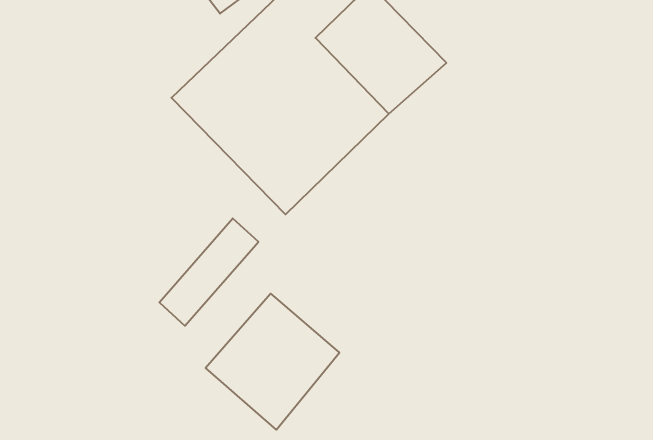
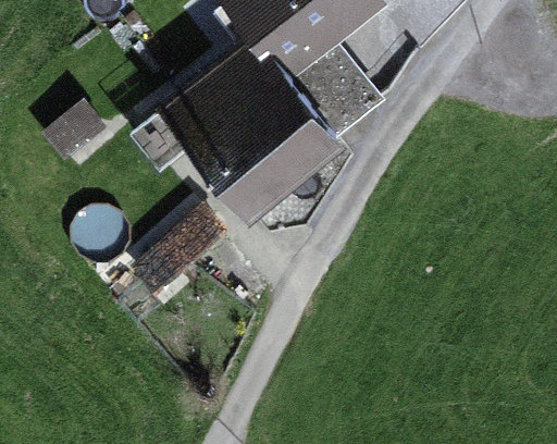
building: [206,294,339,430] -> none

